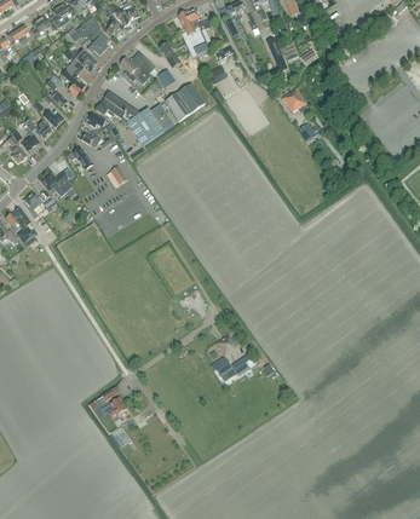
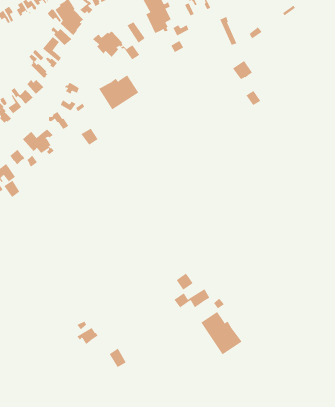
building: [166,82,206,121] -> none
building: [96,91,142,121] -> none
building: none -> [201,311,243,355]

